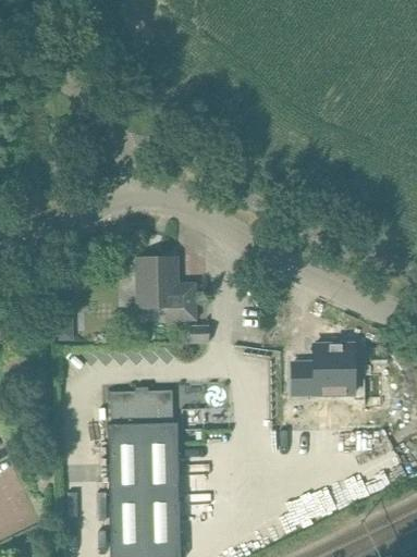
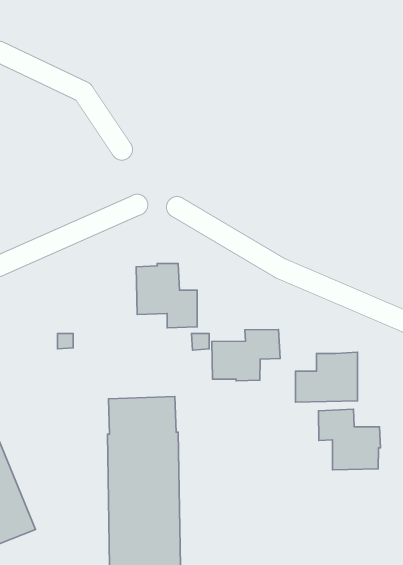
building: none -> [212,330,280,381]
building: none -> [319,409,380,470]

